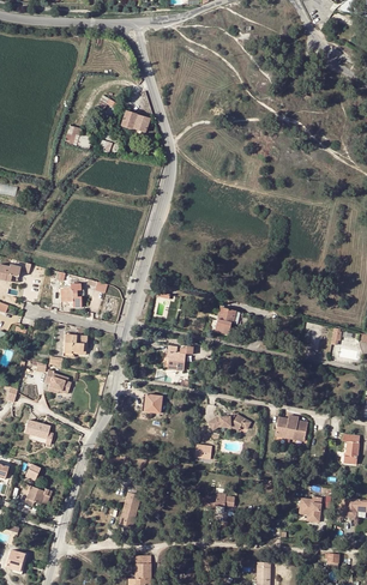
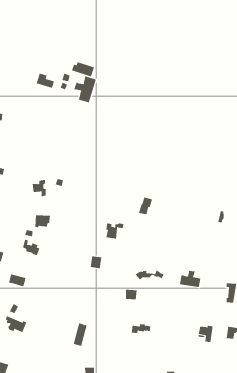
building: none -> [73,76,97,103]

